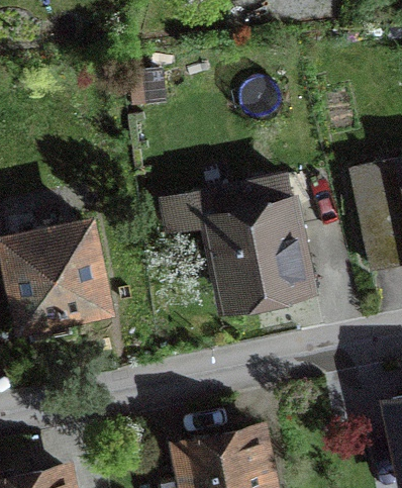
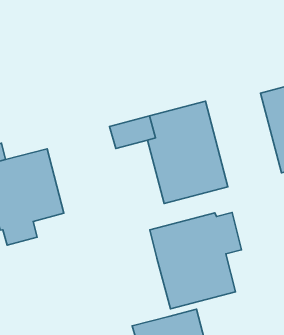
building: none -> [150,213,242,309]

